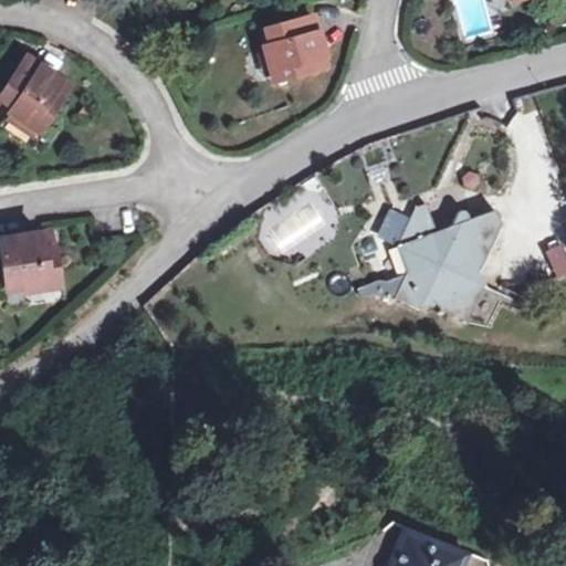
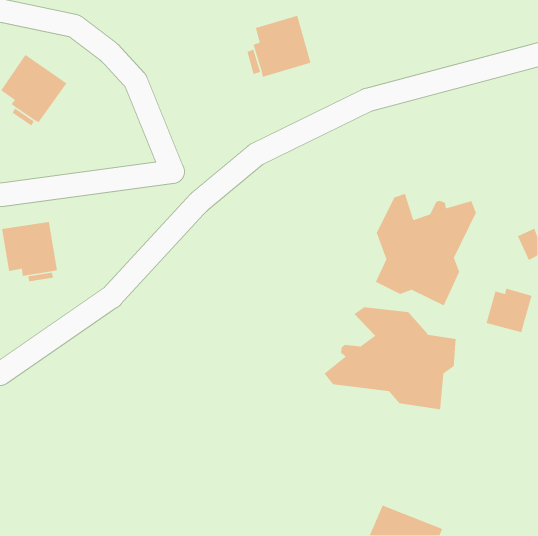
building: none -> [486,288,532,333]
building: none -> [323,306,457,410]

